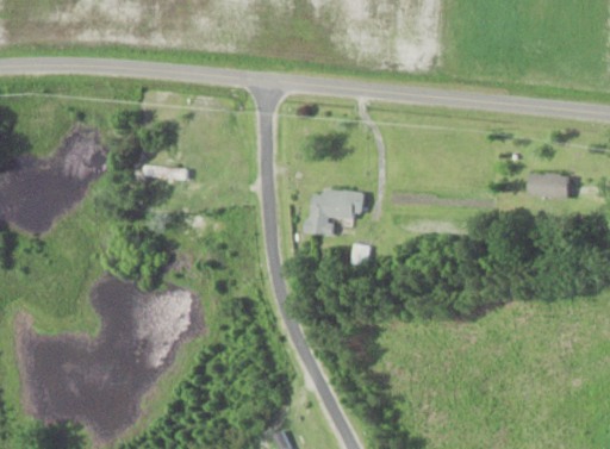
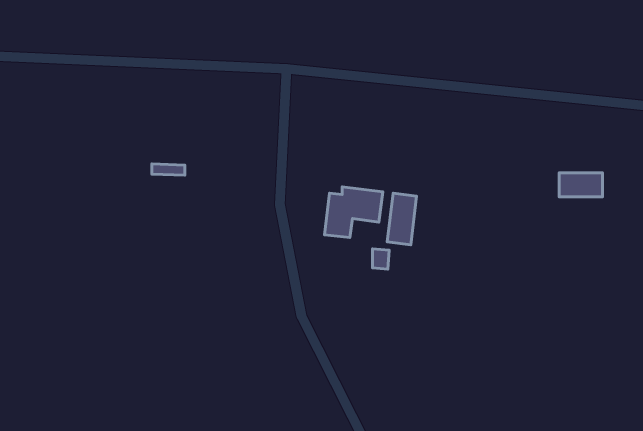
building: none -> [387,193,417,245]

